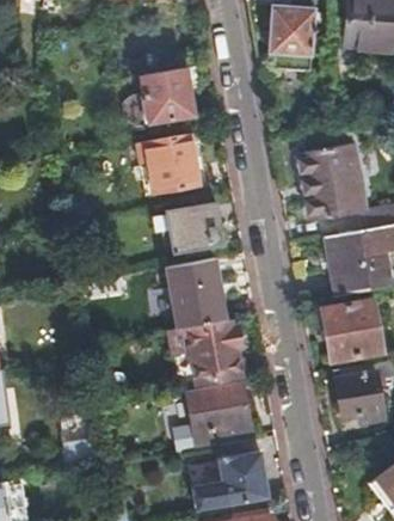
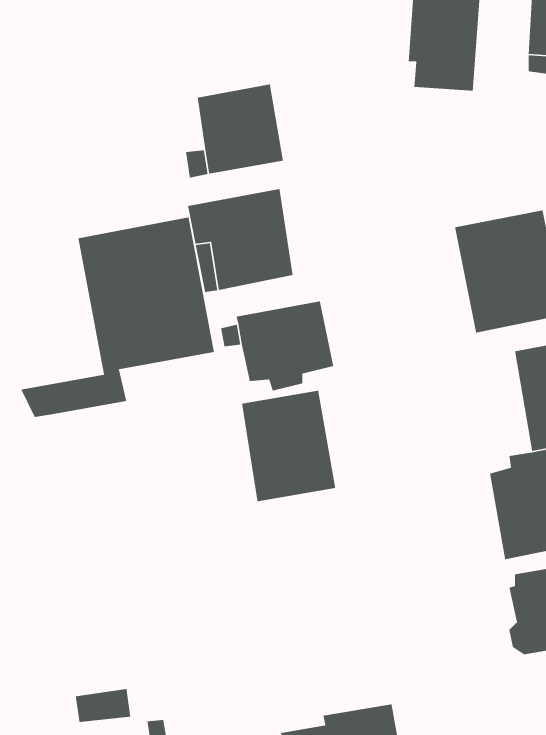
building: none -> [20,216,215,418]
building: [170,317,244,381] -> none
building: [174,379,256,449] -> none

